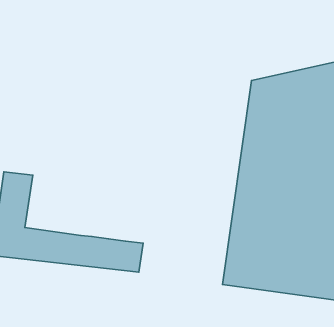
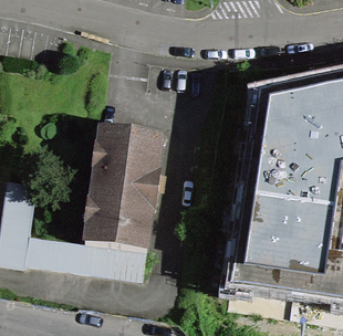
building: none -> [85,128,163,252]

